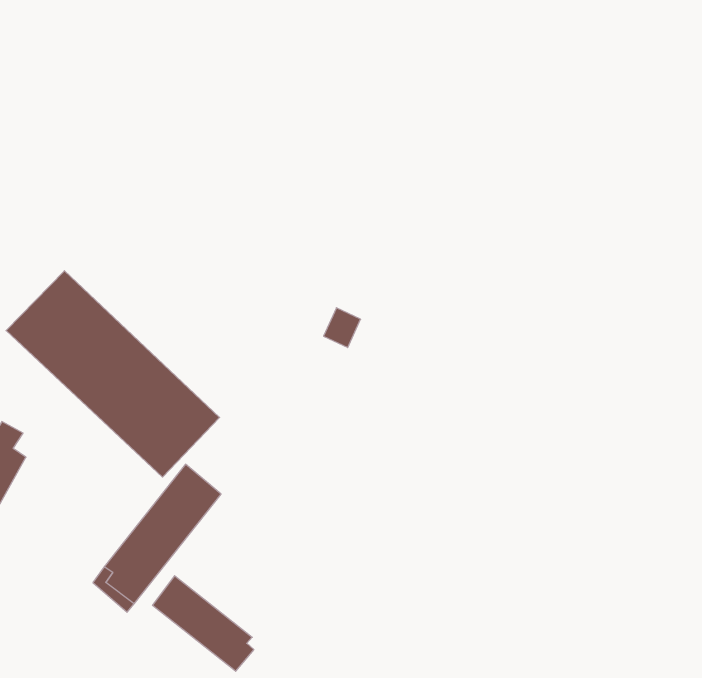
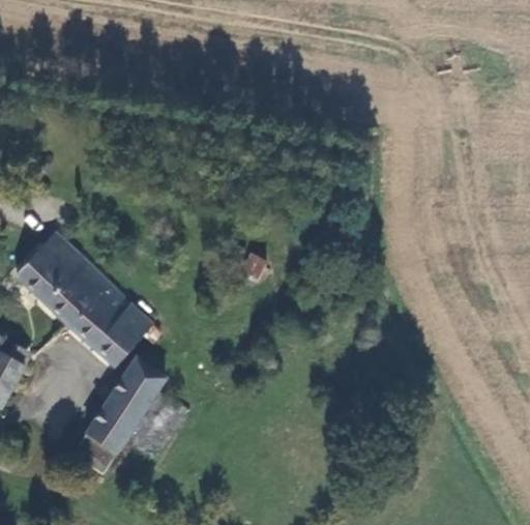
building: [153,576,254,671] -> none

